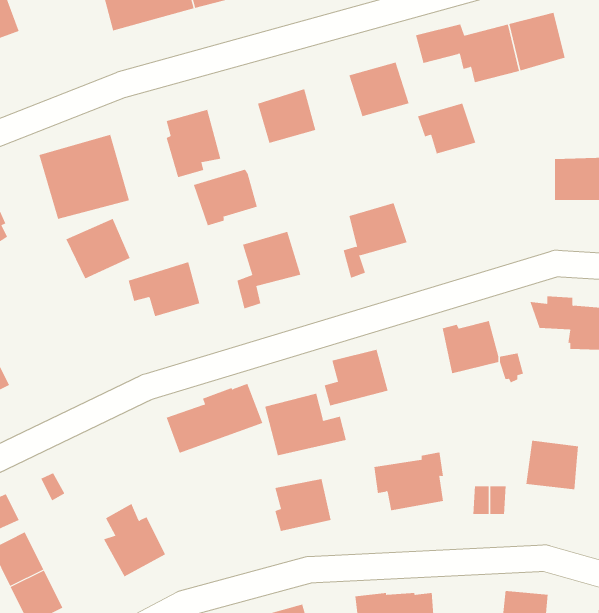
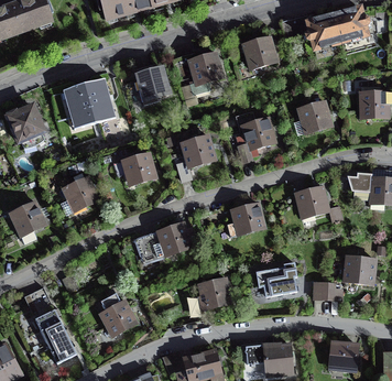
building: [417,103,476,154] -> [297,101,331,131]
building: [193,169,257,226] -> none
building: [66,218,130,279] -> [61,176,98,211]
building: [265,393,347,456] -> none

